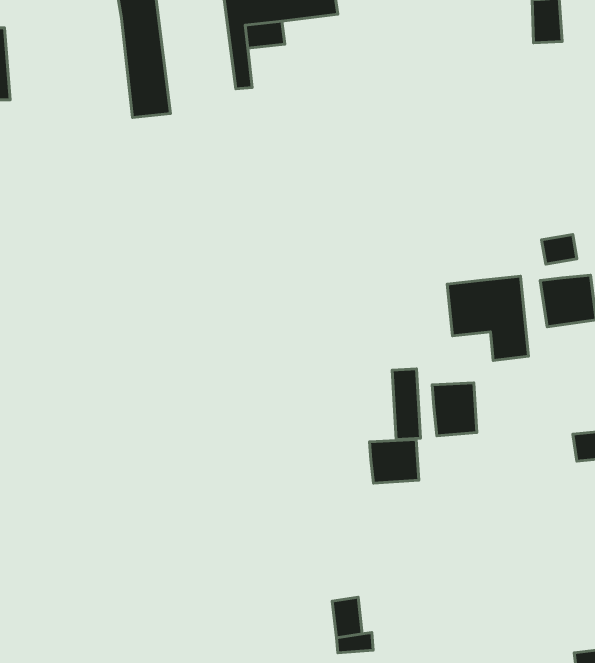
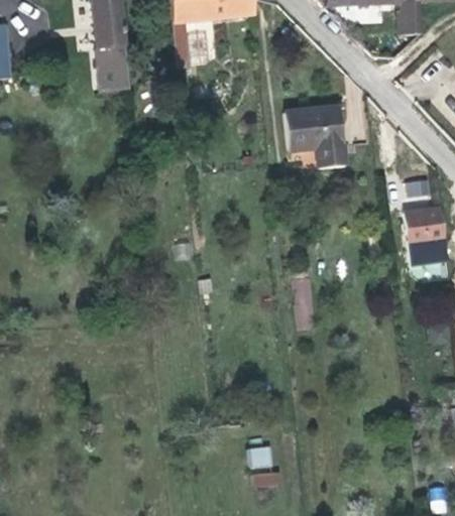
building: [447,276,529,360] -> [285,106,345,168]
building: [432,383,477,436] -> none
building: [370,439,419,483] -> none

